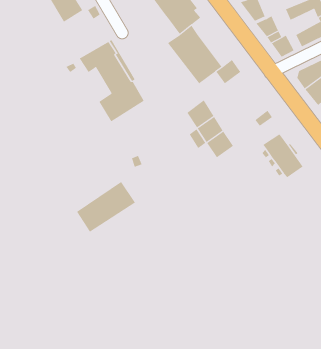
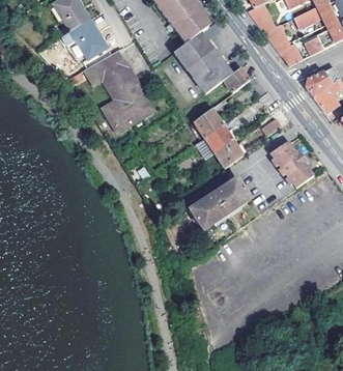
building: none -> [69,18,107,58]
building: [76,181,136,232] -> [190,177,250,229]

